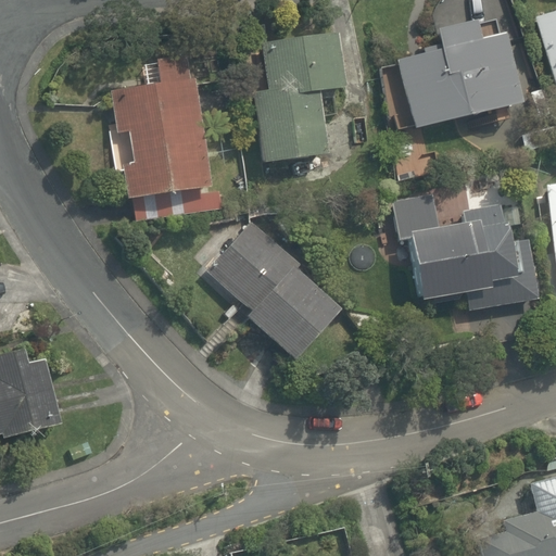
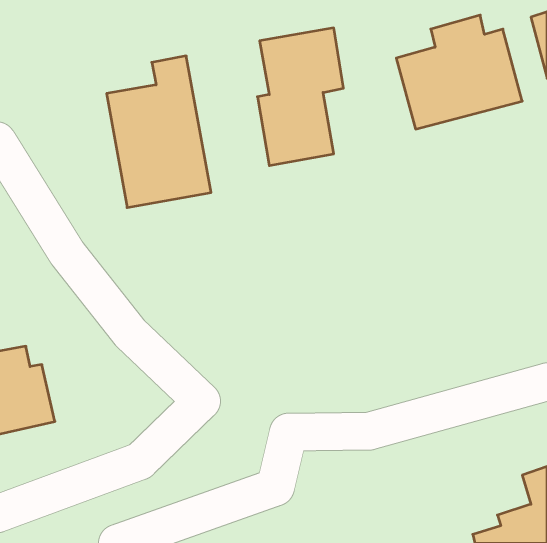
building: [388,188,539,314] -> none
building: [206,218,345,362] -> none

